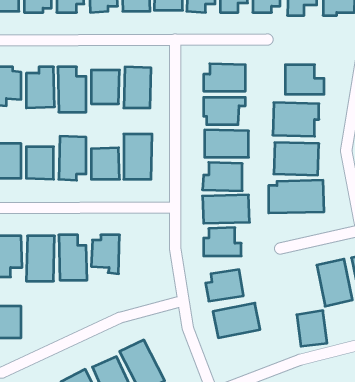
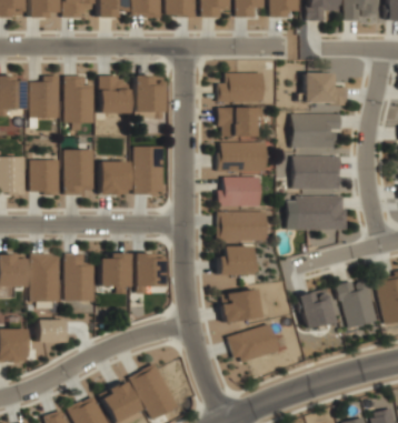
building: none -> [133,252,162,293]
building: none -> [38,319,67,342]
building: [297,311,327,346] -> [300,289,332,326]

